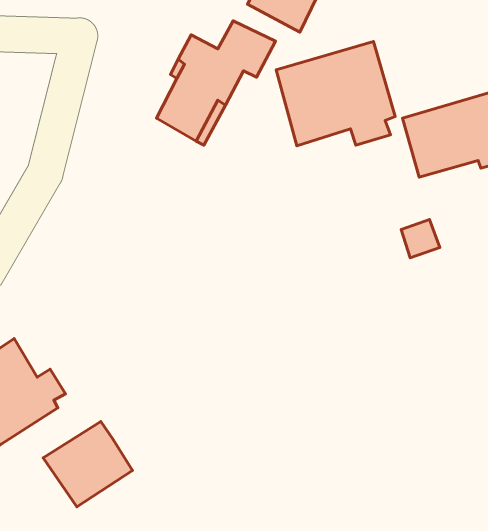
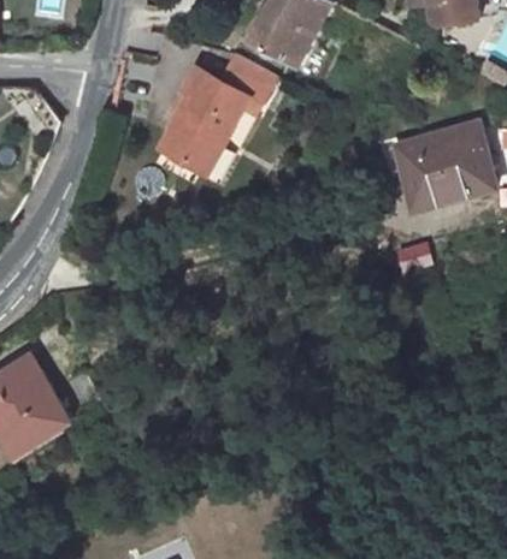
building: [276,42,395,146] -> none
building: [43,422,132,507] -> none

